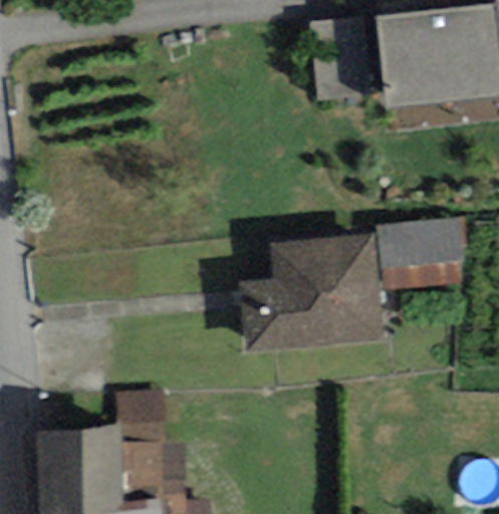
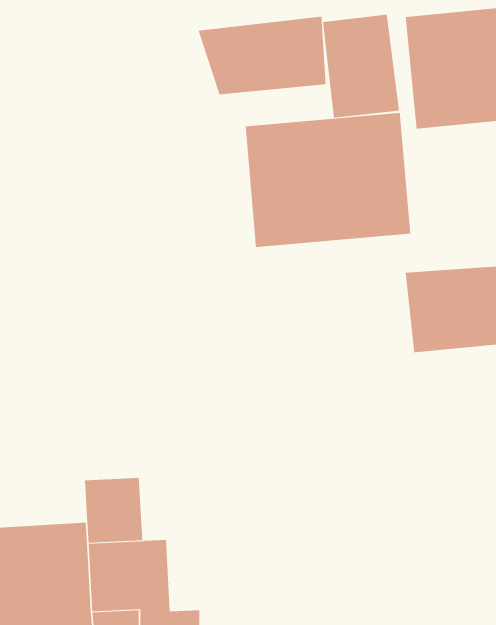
building: none -> [198,16,326,95]
building: none -> [245,112,411,248]
building: [240,236,383,353] -> none

